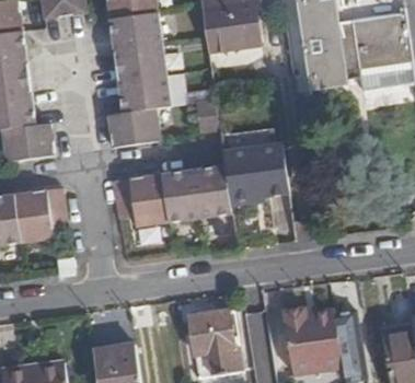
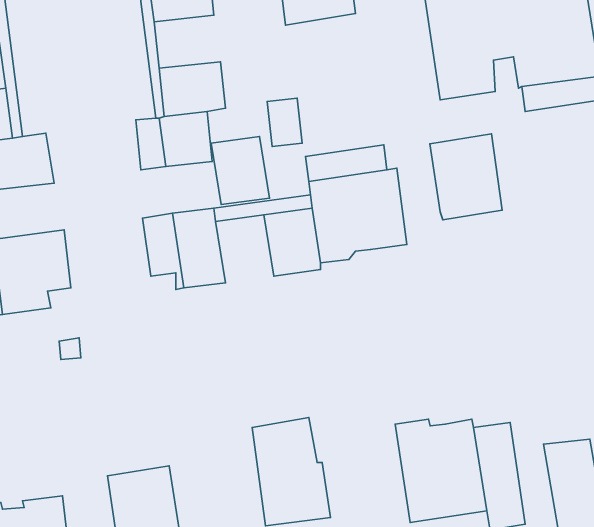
building: [123,44,166,79] -> none
building: none -> [430,134,502,220]
building: [163,175,201,220] -> [211,136,269,205]

